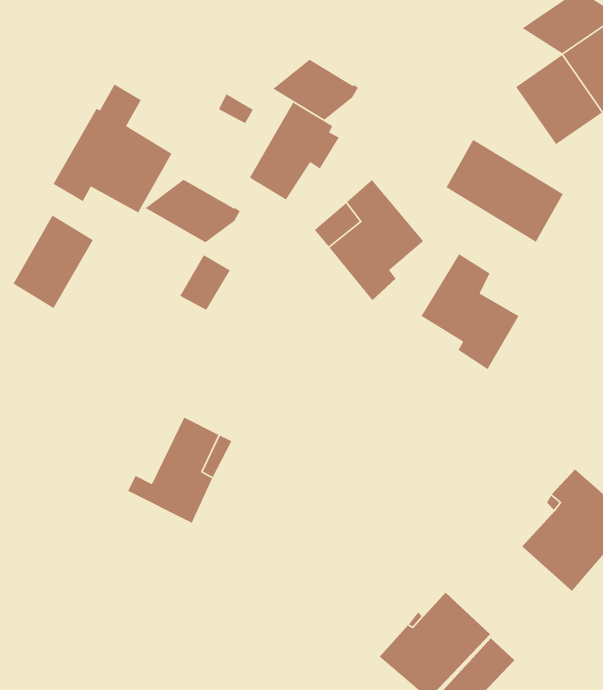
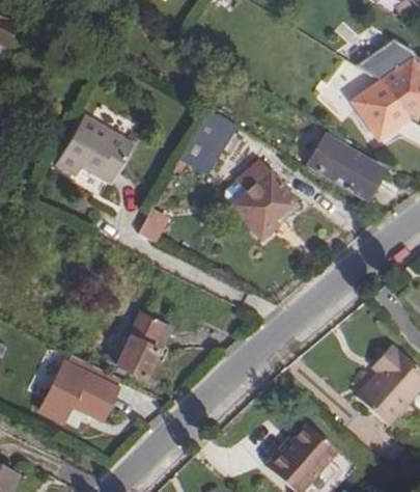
building: [272,59,359,120] -> none
building: [145,179,241,243] -> none
building: [13,215,94,309] -> none
building: [421,253,520,370] -> none
building: none -> [41,353,121,421]

